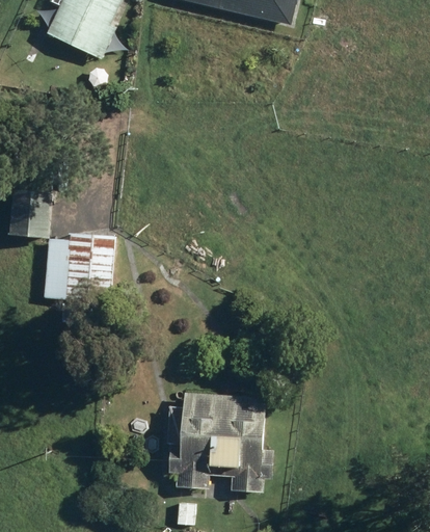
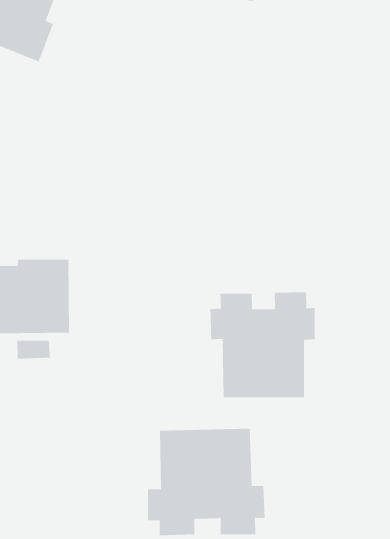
building: none -> [210,291,315,398]

